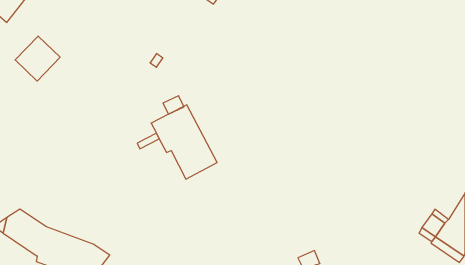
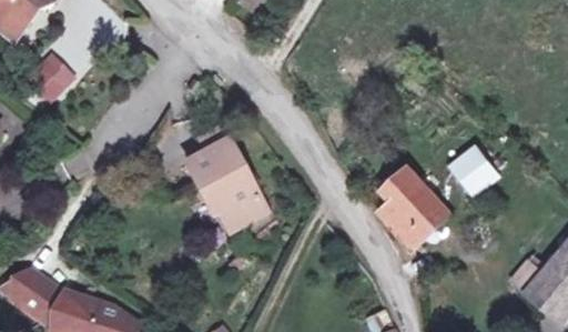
building: none -> [453,150,498,198]
building: none -> [377,164,446,245]

